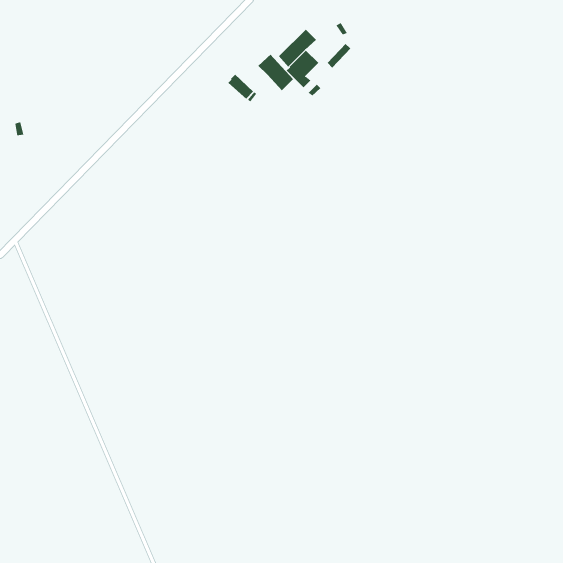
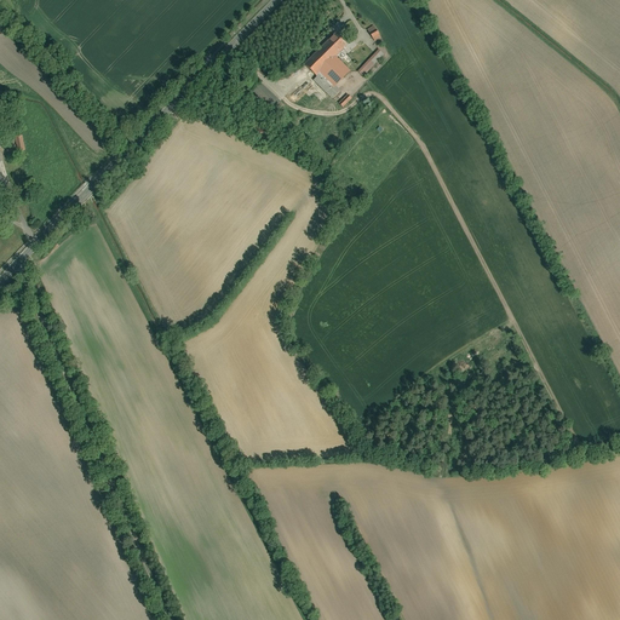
building: [257,54,294,91] -> none

